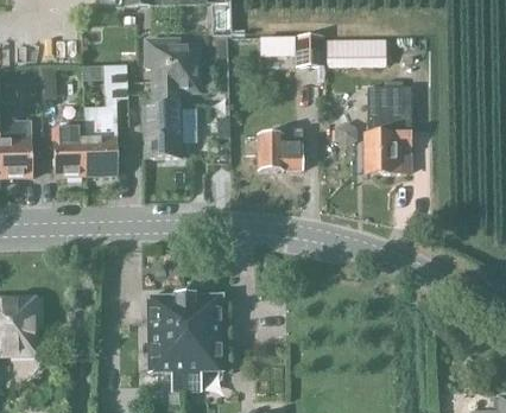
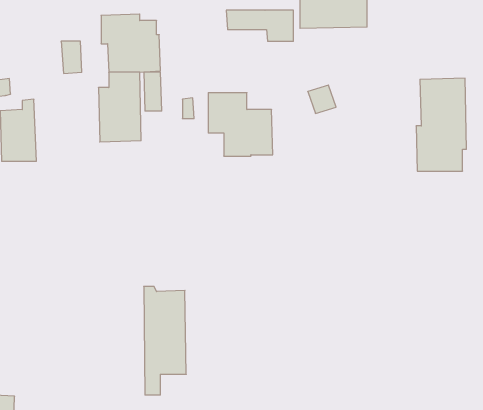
building: [362,88,409,173] -> [416,78,466,171]
building: [83,108,116,176] -> none
building: [146,291,185,392] -> none

